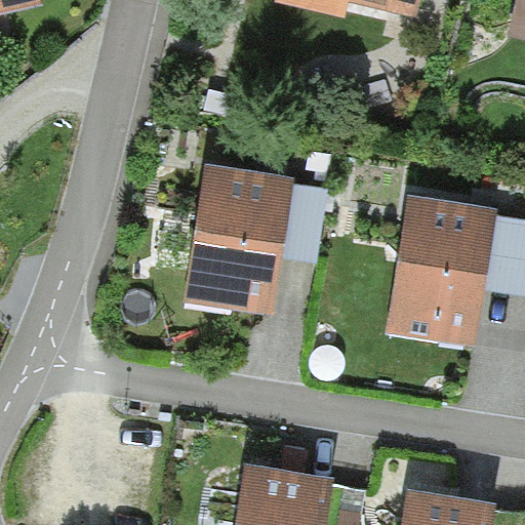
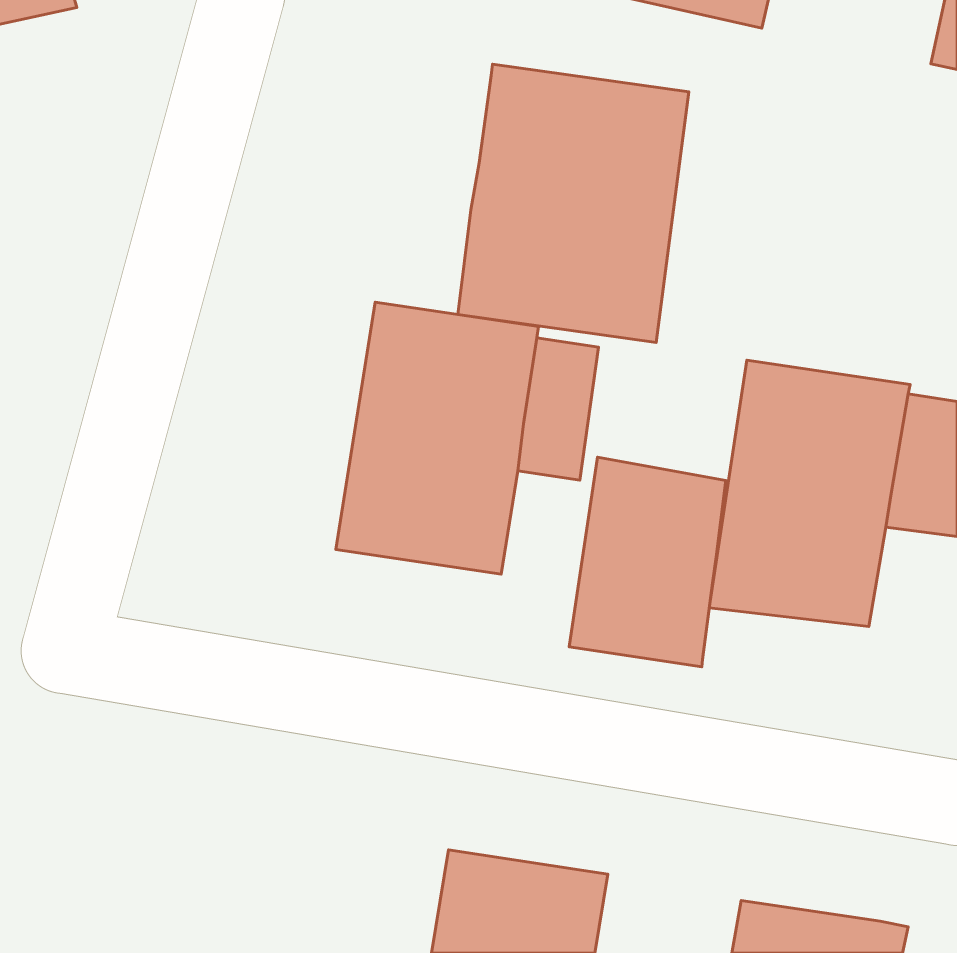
building: none -> [458,64,689,343]
building: none -> [569,457,726,667]

